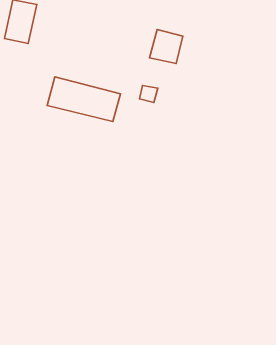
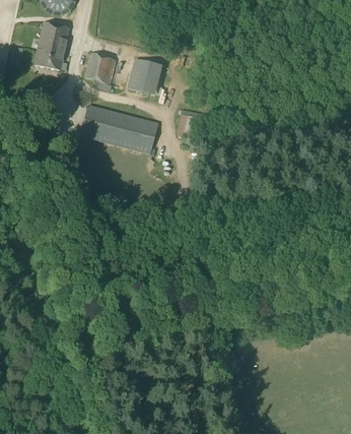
building: none -> [85,52,117,90]
building: [149,29,183,64] -> [128,58,163,95]

